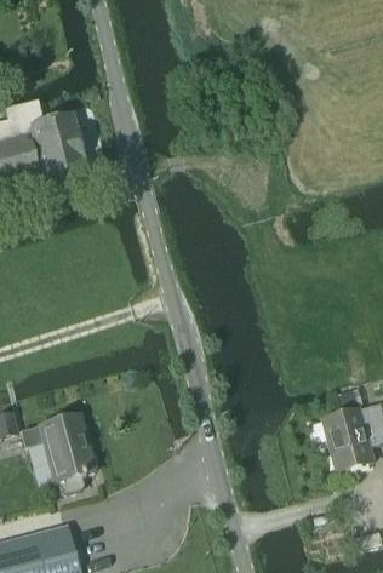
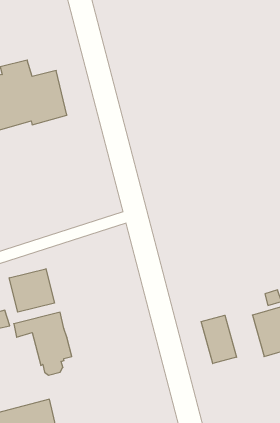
building: none -> [9,269,54,312]
building: none -> [201,315,237,364]

